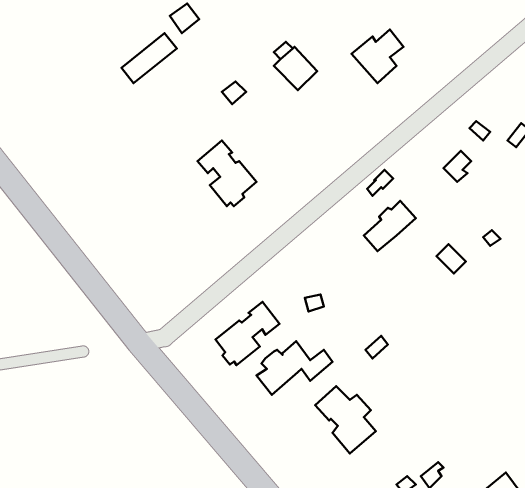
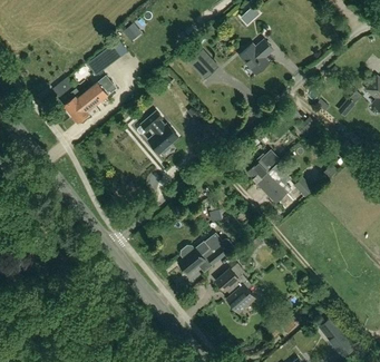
building: none -> [65,79,114,123]
building: none -> [256,173,286,204]
building: [216,302,279,365] -> none

